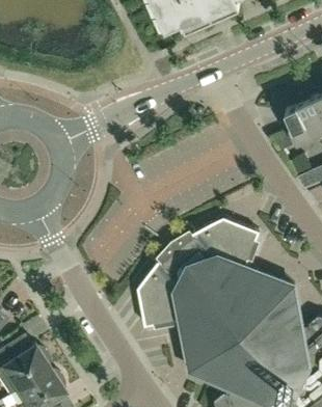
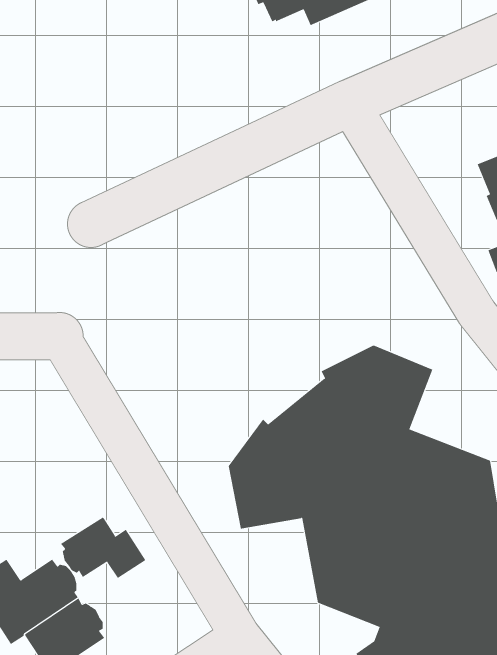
building: none -> [60,517,146,579]

